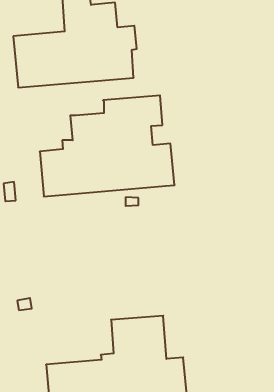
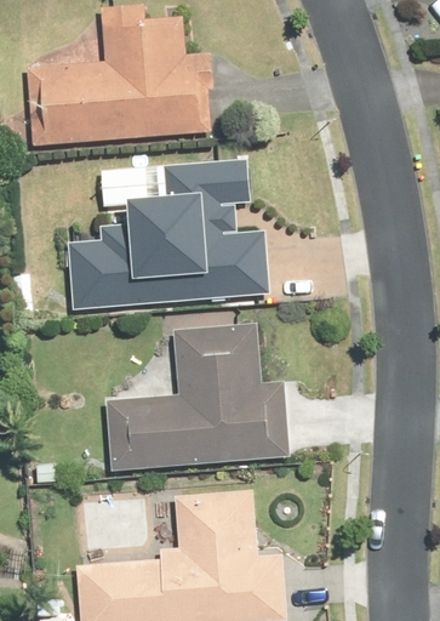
building: none -> [107,324,288,468]

